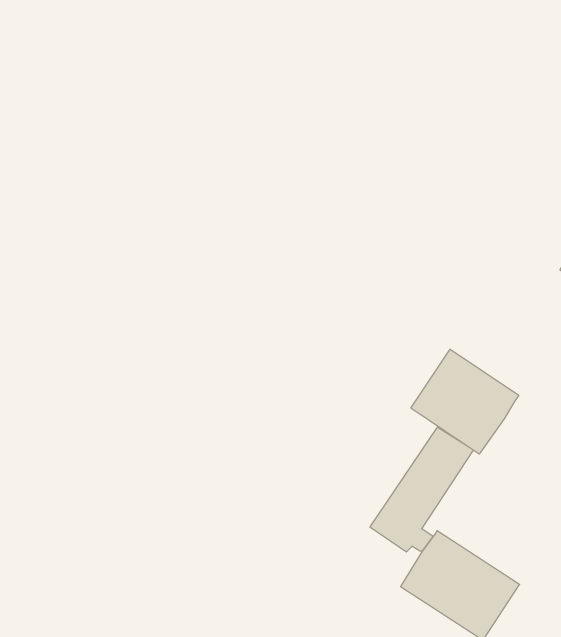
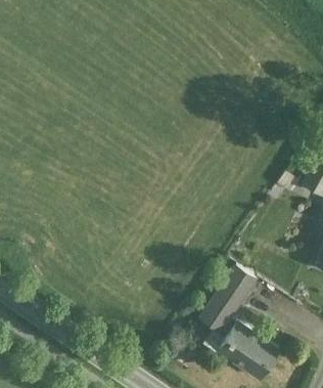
building: [411,349,519,454] -> none

